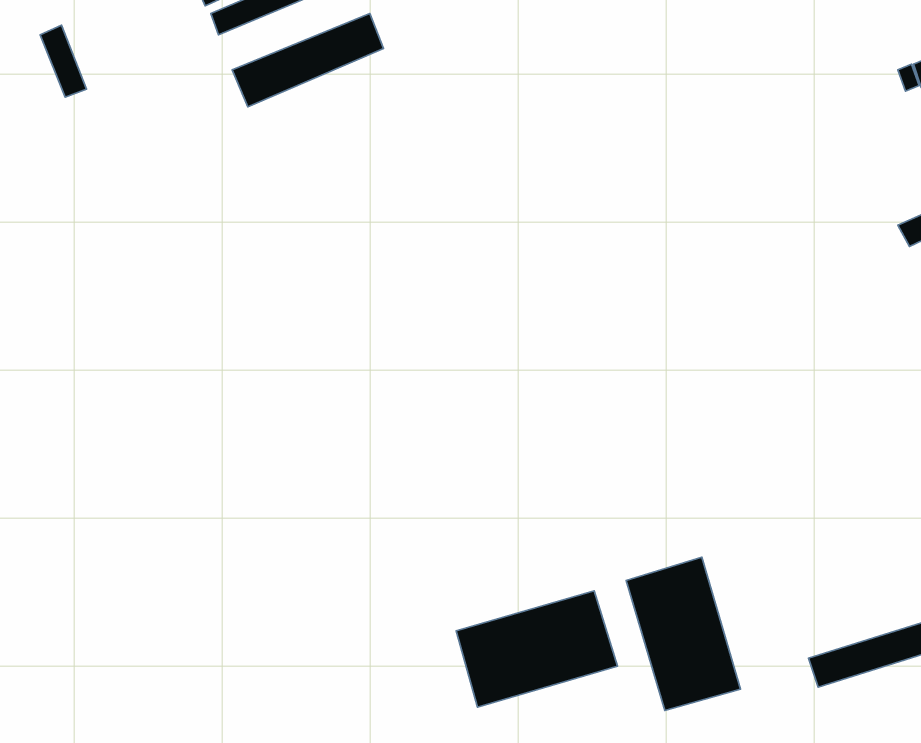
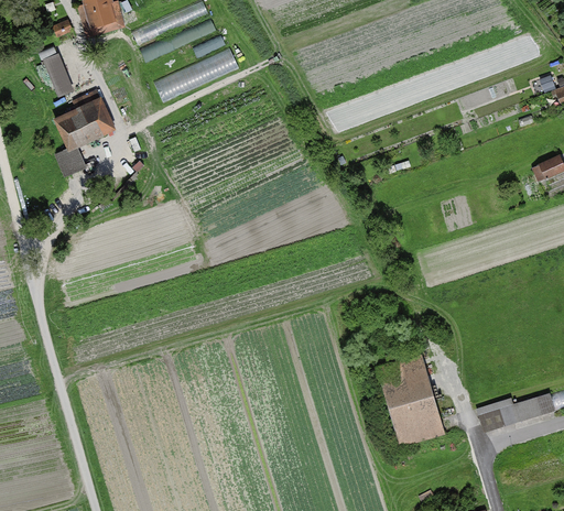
building: none -> [55,93,113,182]
building: [456,591,617,707] -> none

